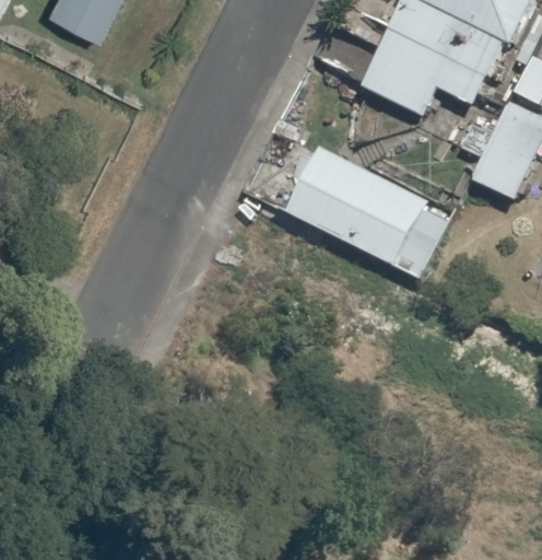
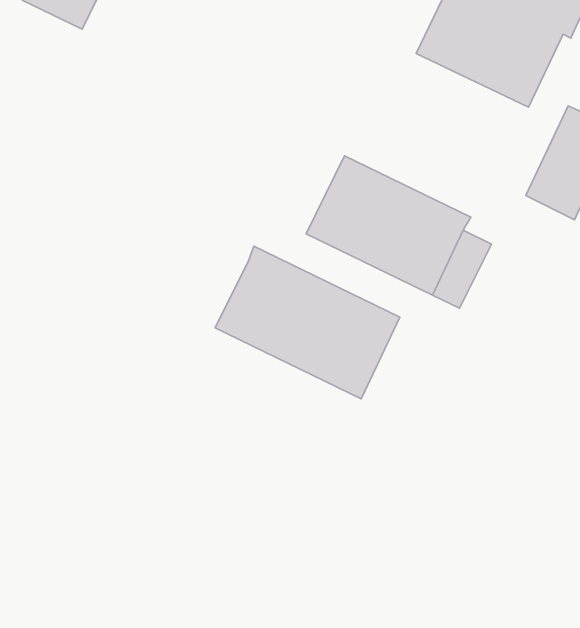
building: none -> [215,246,400,399]

